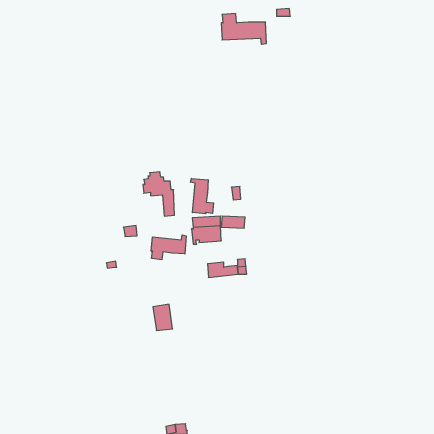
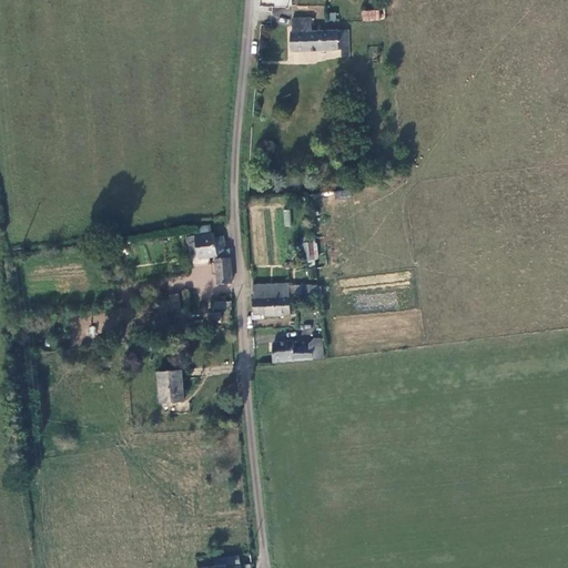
building: [190,178,214,214] -> none
building: [151,235,186,260] -> none
building: [153,304,173,331] -> [161,367,186,402]

